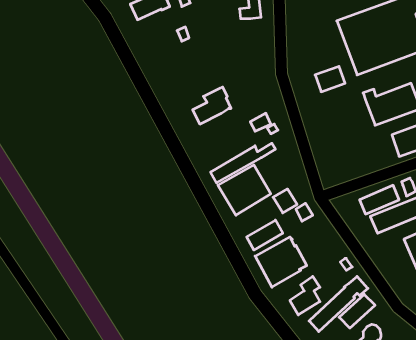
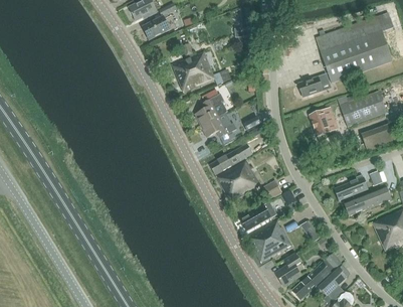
building: none -> [171,51,233,92]
building: none -> [310,108,338,135]
building: none -> [201,112,236,137]

